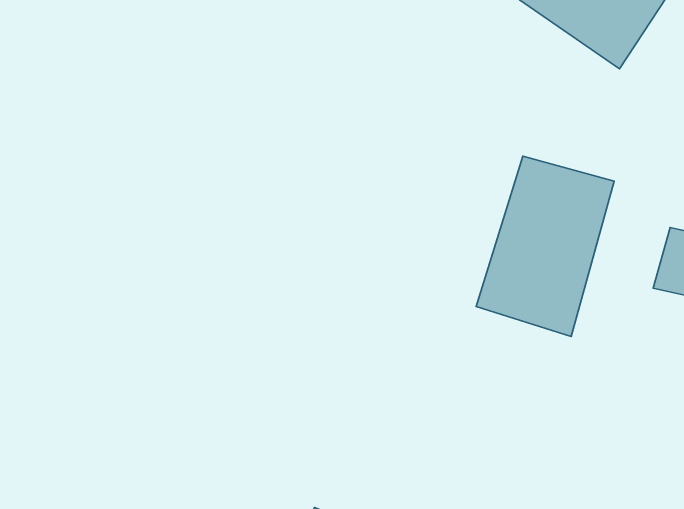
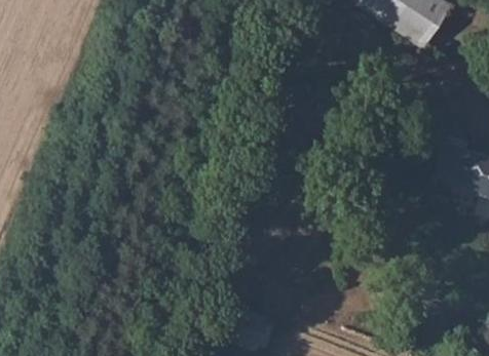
building: [476,156,614,336] -> none

